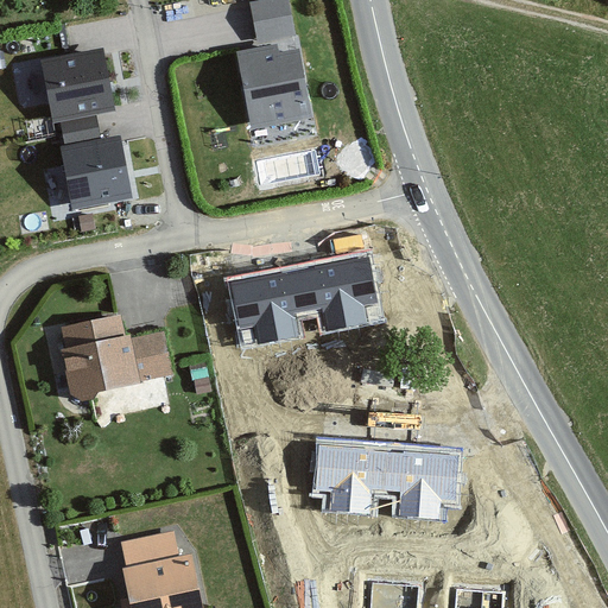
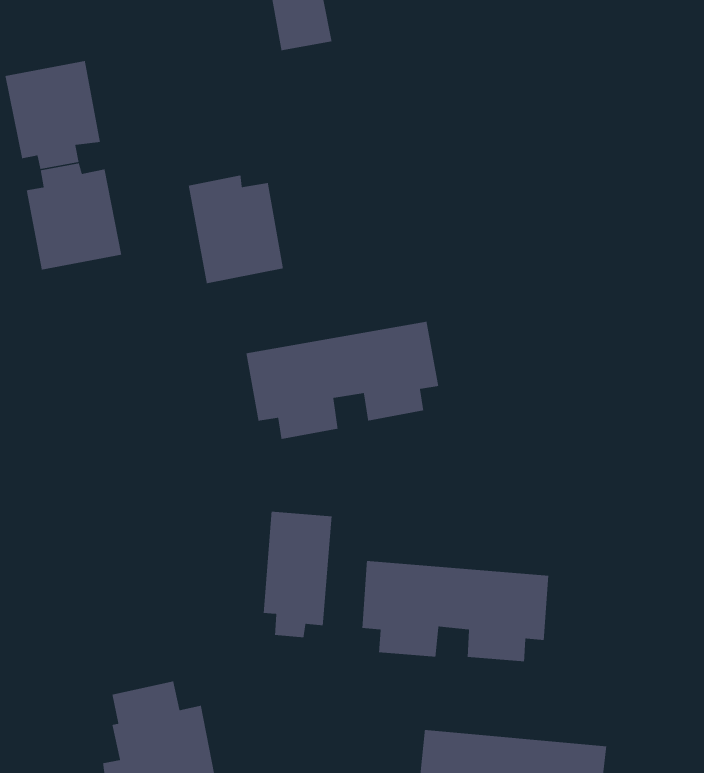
building: [235,43,310,128] -> [188,174,284,284]
building: [63,317,172,401] -> none
building: none -> [263,511,333,638]

